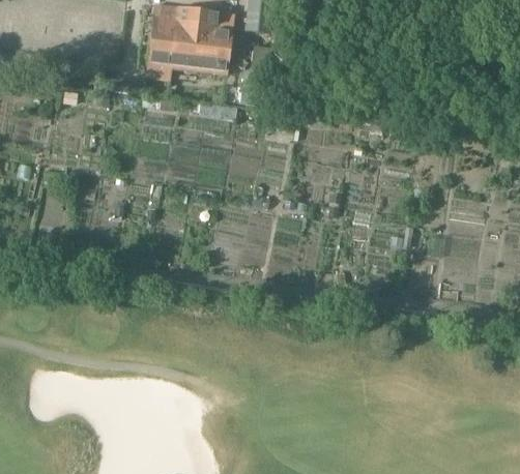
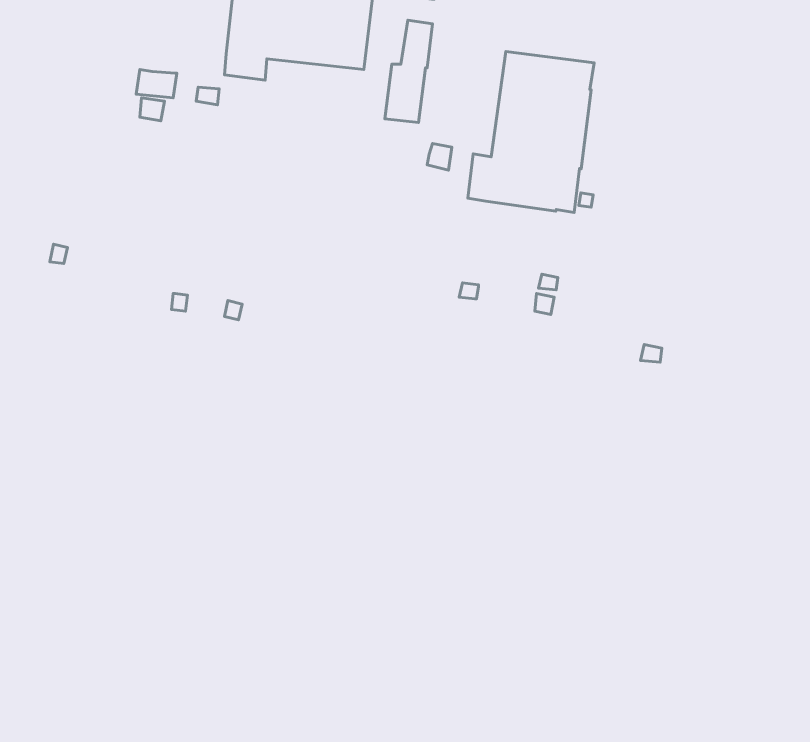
building: none -> [468,52,594,213]

